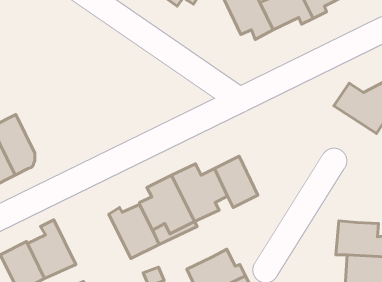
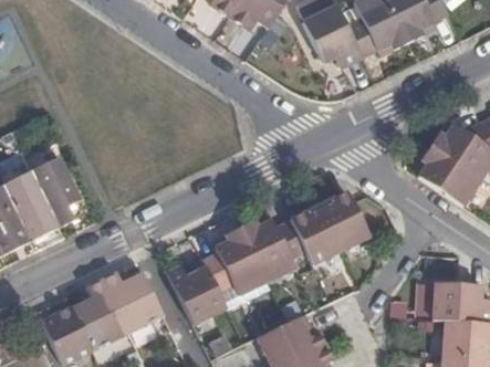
building: none -> [414,146,480,205]
building: none -> [320,191,371,250]
building: none -> [104,271,164,331]

